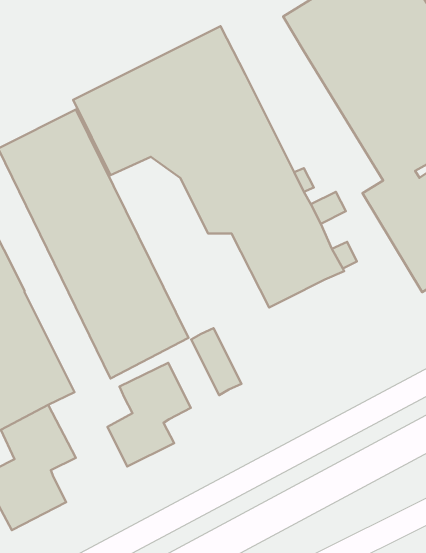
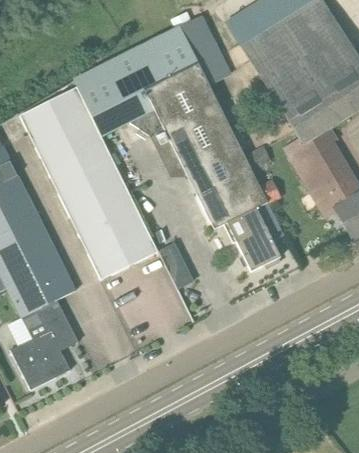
building: none -> [180,15,232,84]
building: none -> [227,203,285,271]
building: [108,363,191,467] -> none

